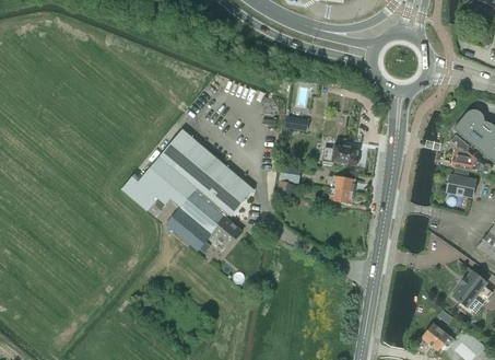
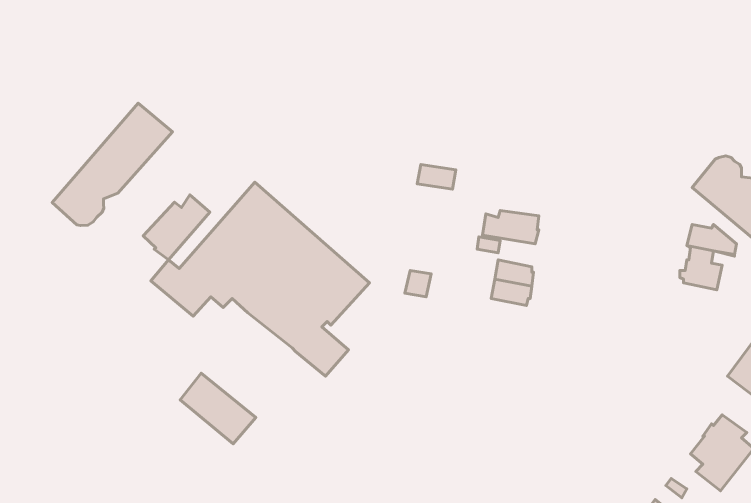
building: none -> [52,103,172,226]
building: none -> [143,195,210,260]
building: [165,207,212,251] -> [180,373,256,444]

